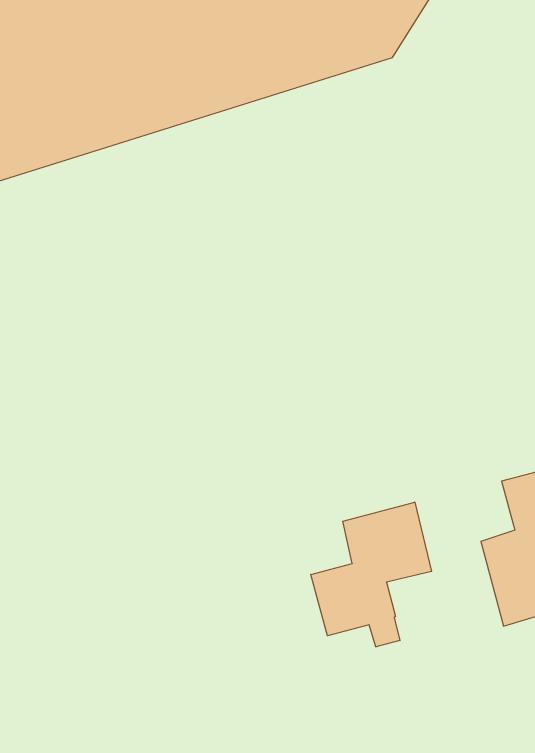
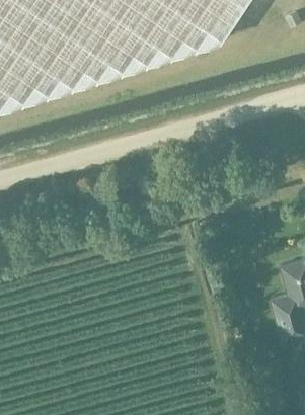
building: [311,502,432,647] -> none

